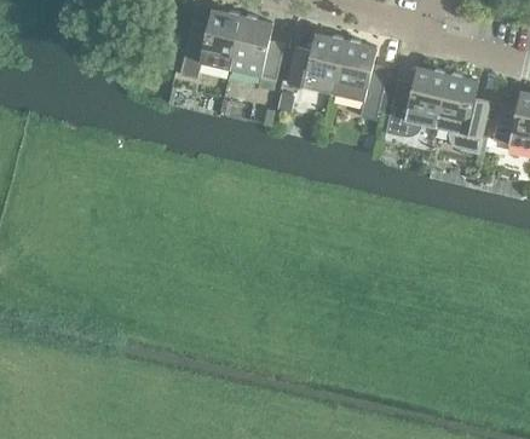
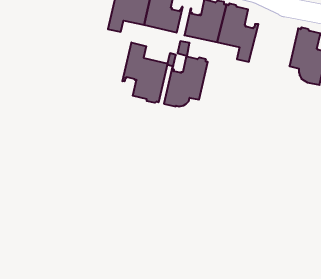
building: [384,67,445,137] -> [164,57,208,106]
building: none -> [122,42,167,103]

